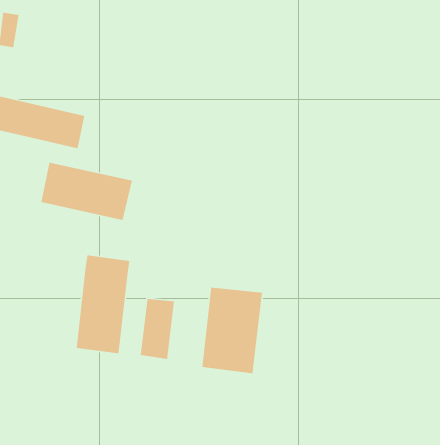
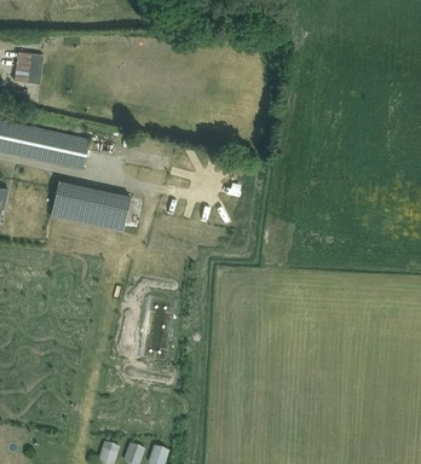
building: [76,255,130,354] -> none
building: [201,287,263,374] -> none

